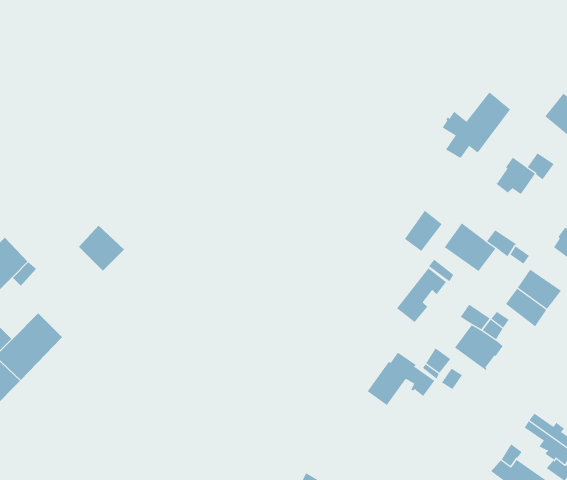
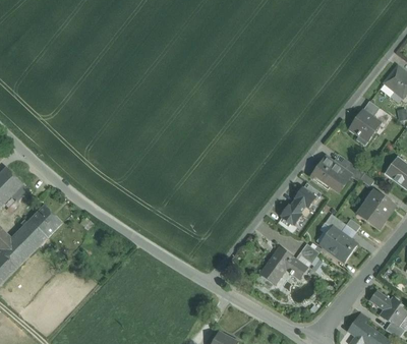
building: [442,91,511,159] -> none
building: [404,210,442,252] -> none
building: [78,225,125,271] -> [30,205,62,237]

